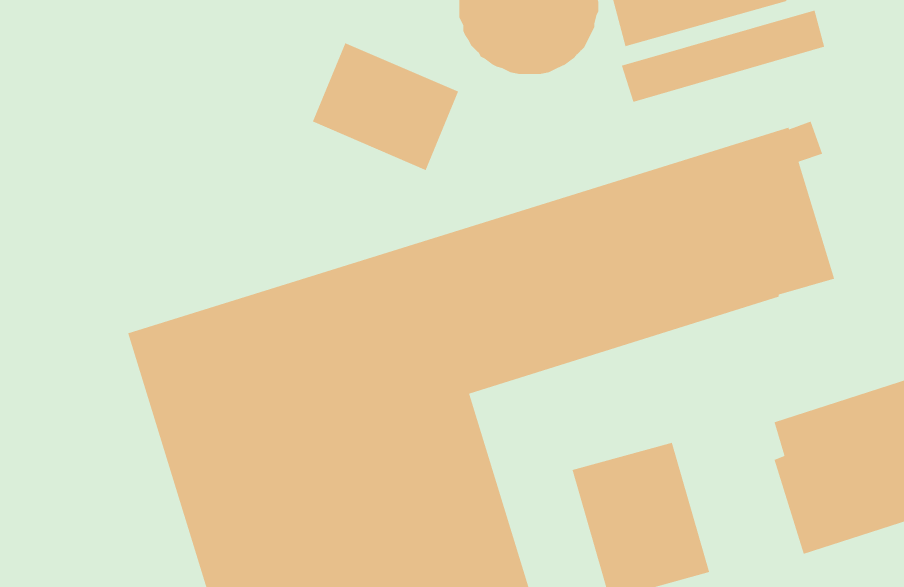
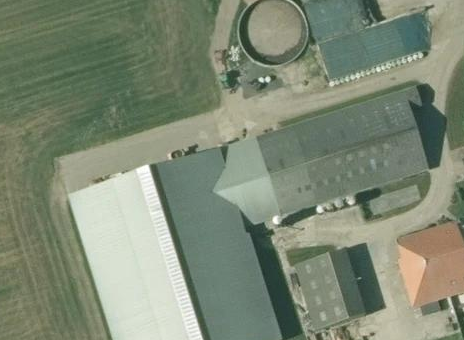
building: [312,42,459,171] -> none

